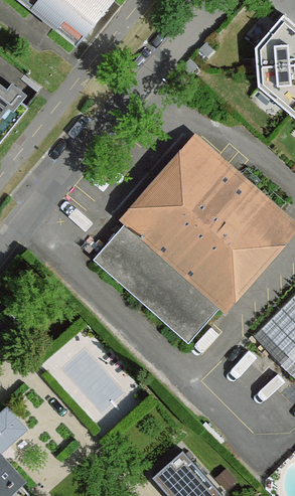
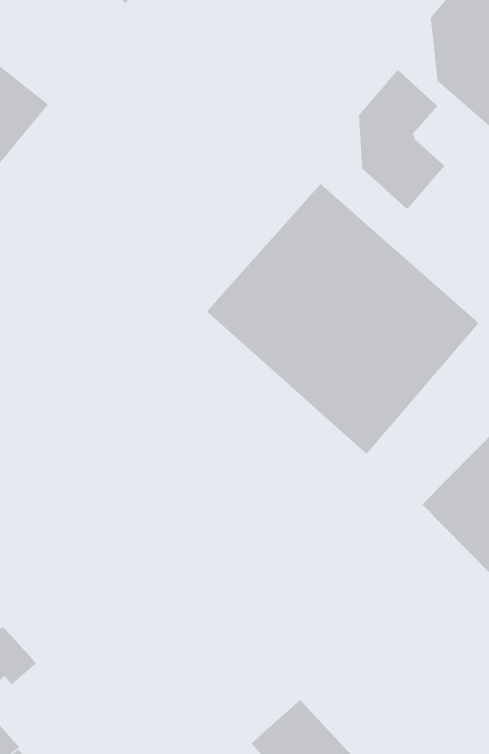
building: none -> [359,69,445,210]
building: [94,221,222,343] -> none

